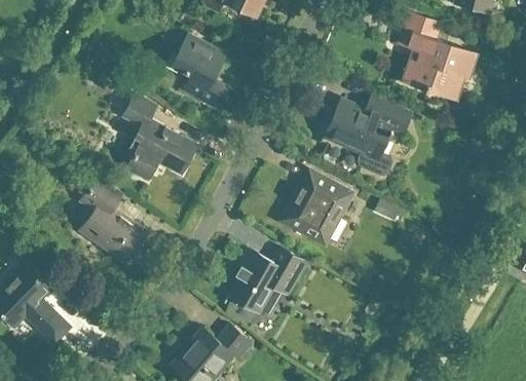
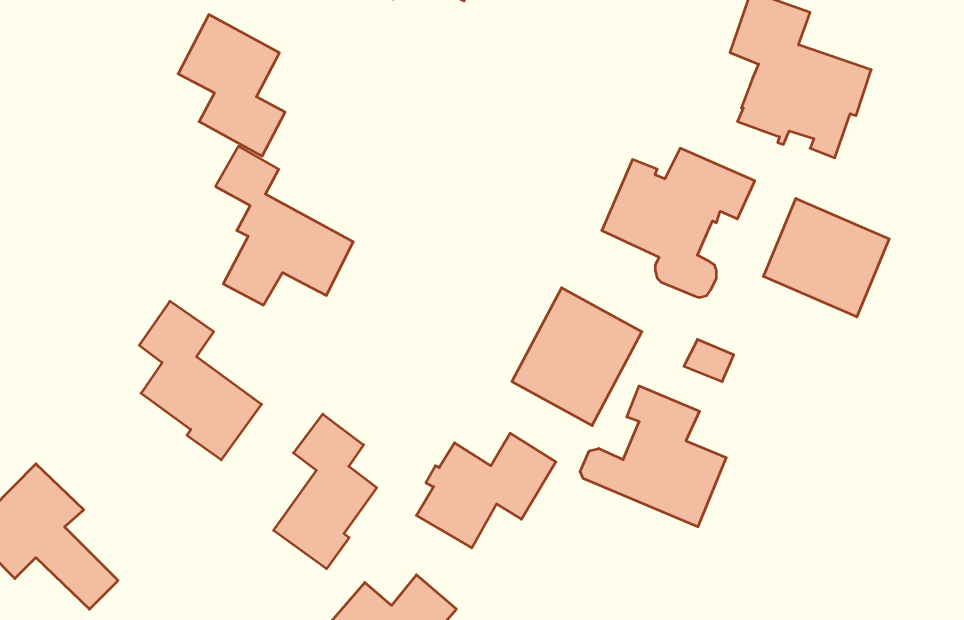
building: [171,32,228,108] -> [178,15,285,156]
building: none -> [763,198,889,317]
building: none -> [580,386,726,527]
building: none -> [274,414,377,569]

